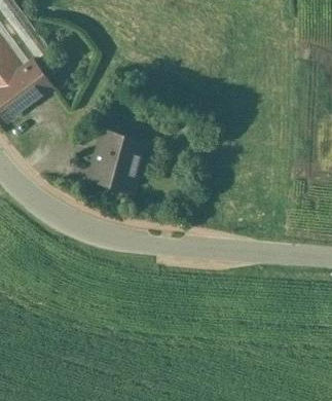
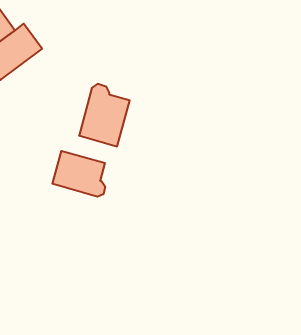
building: none -> [52,151,105,197]

